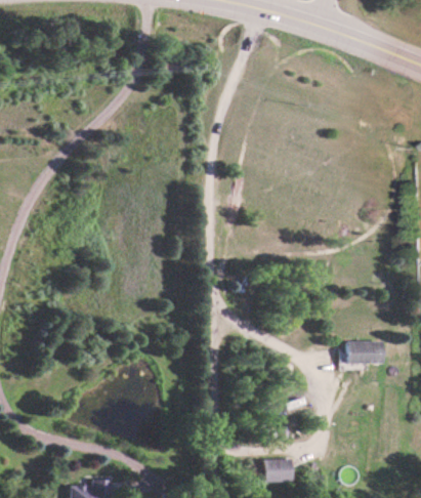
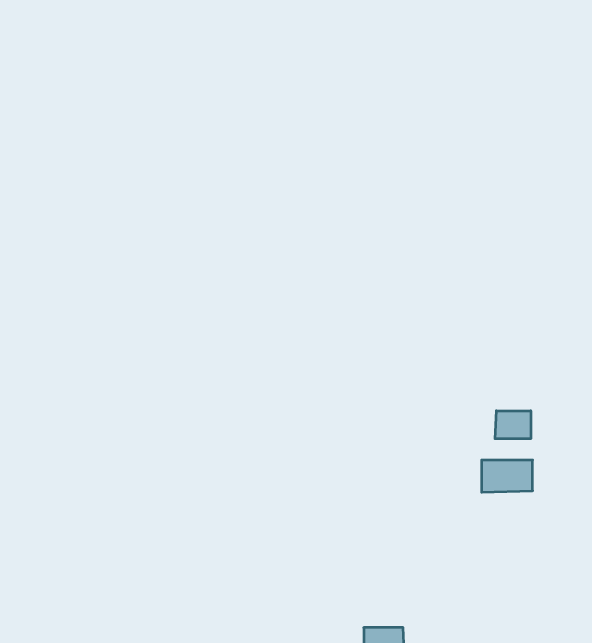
building: none -> [495,411,531,439]

